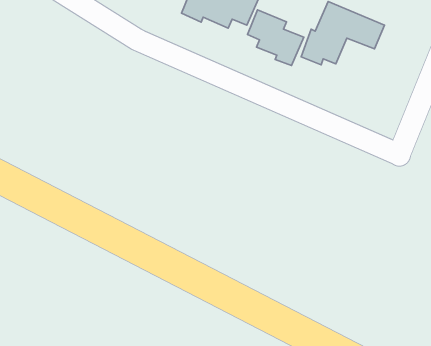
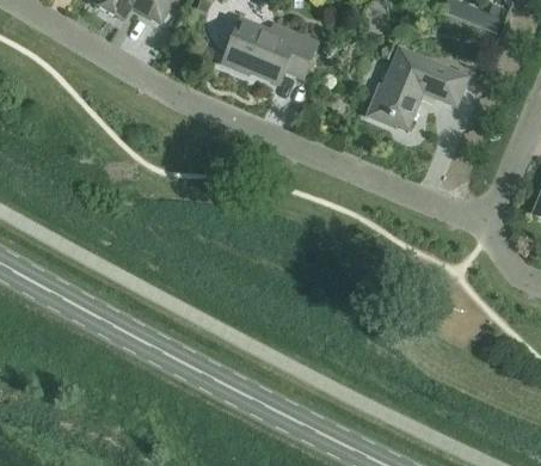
building: [248,10,304,66] -> none

